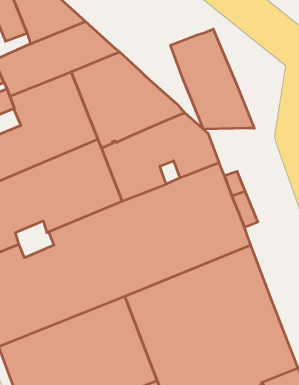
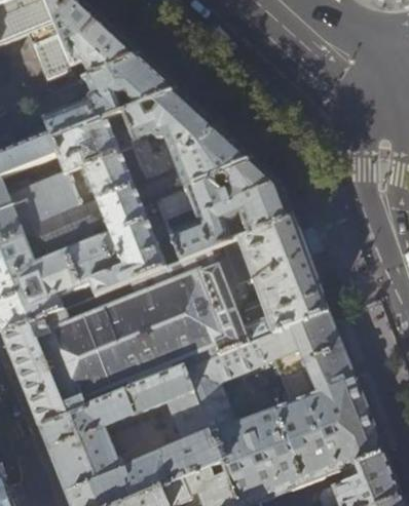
building: [171,29,254,129] -> none

